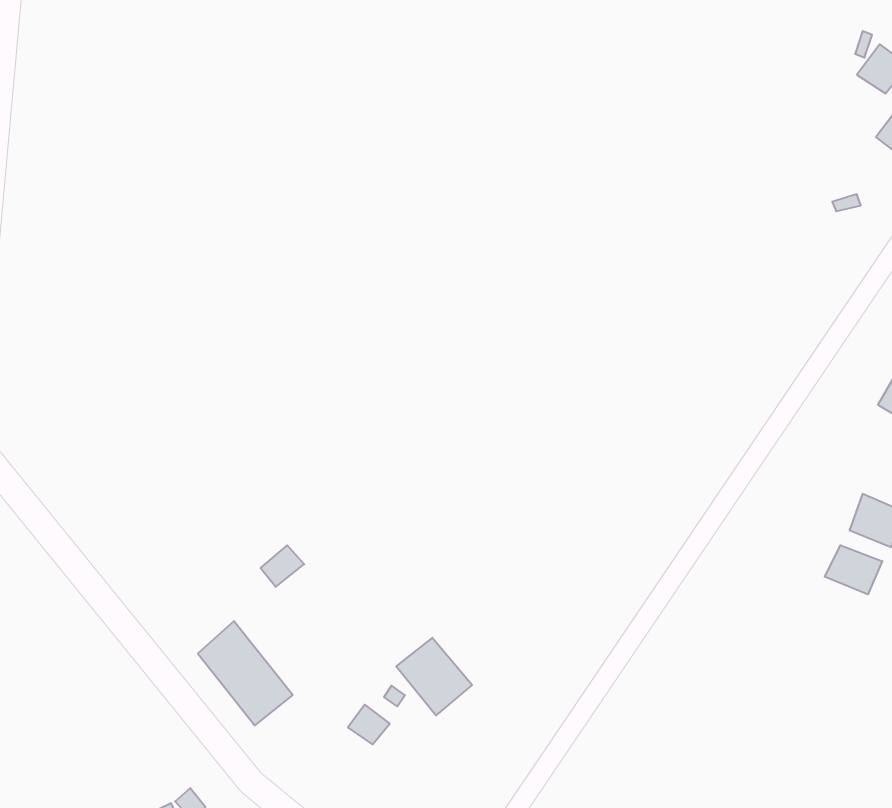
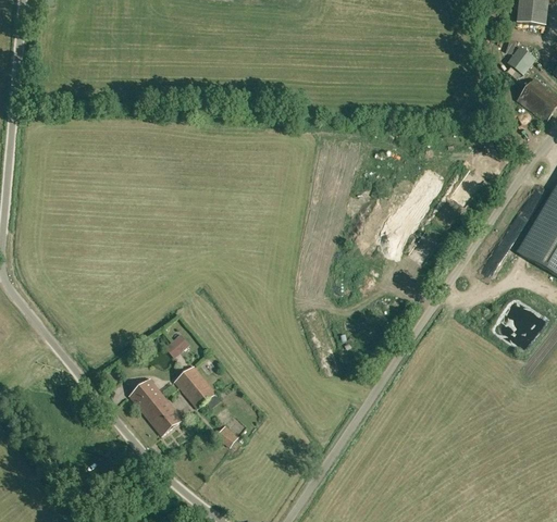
building: [825,545,882,594] -> none
building: [396,638,472,715] -> [174,365,218,410]

